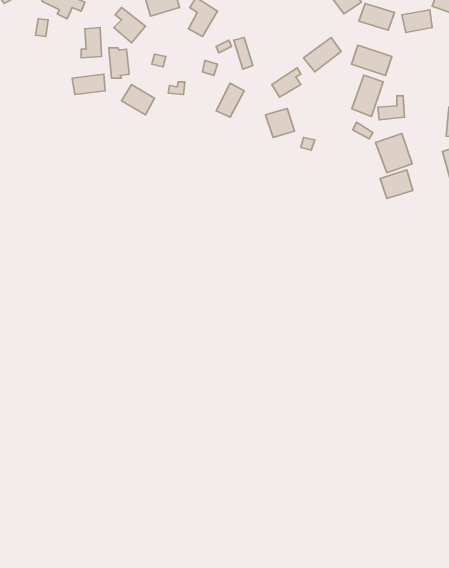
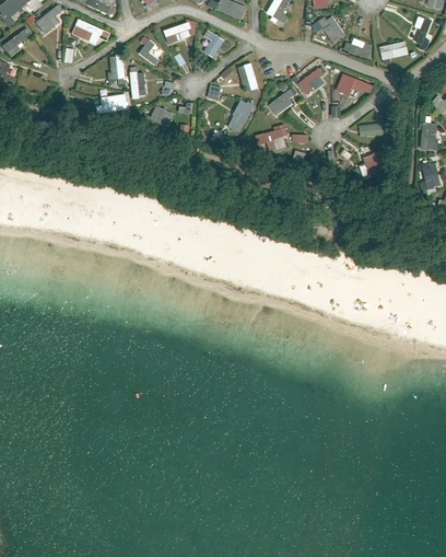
building: [352,75,383,117] -> none
building: [380,170,413,198] -> none

